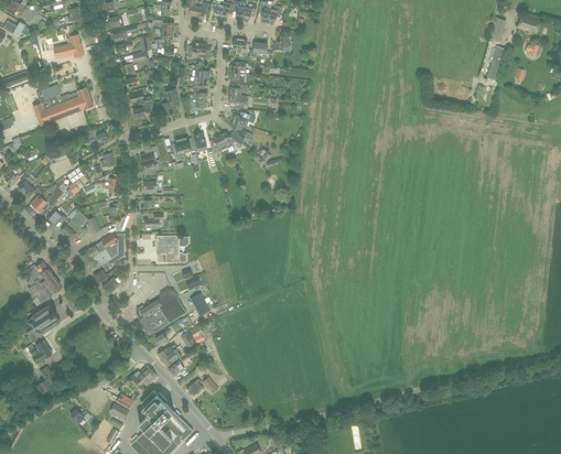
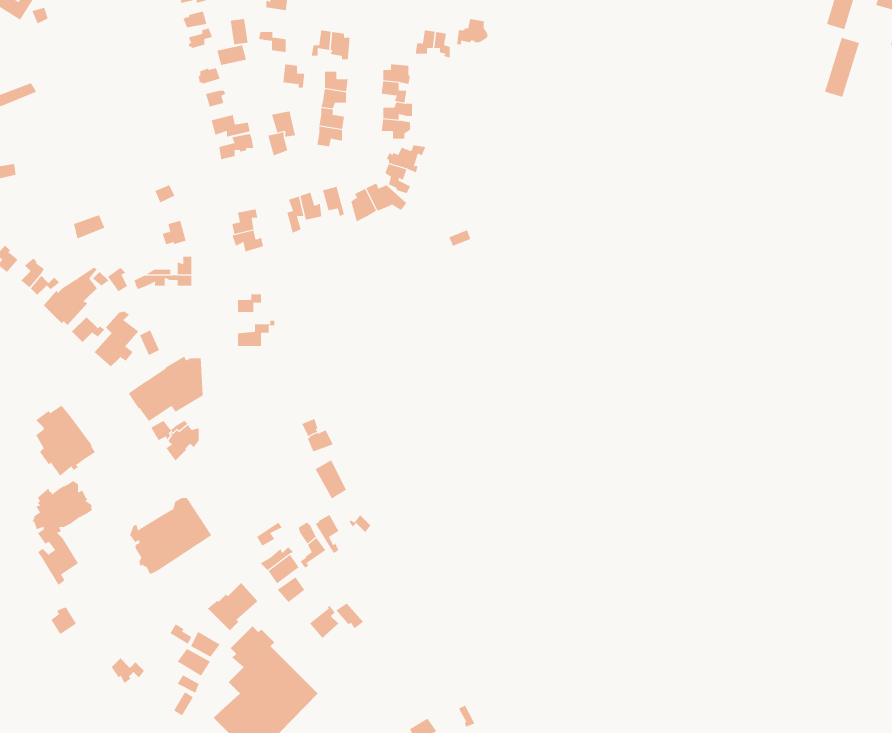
building: [54,33,84,57] -> none
building: [32,83,93,123] -> none
building: [154,234,180,260] -> none
building: [138,289,186,334] -> [129,498,212,575]

